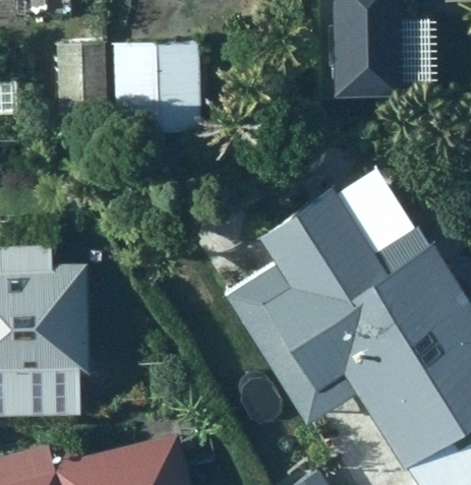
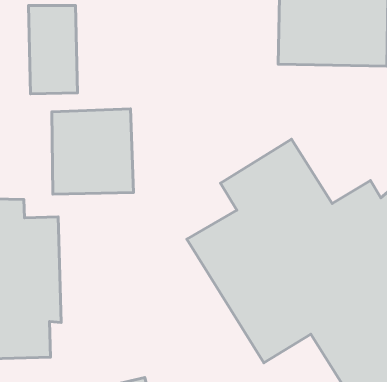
building: [113,41,199,131] -> [52,109,133,194]

